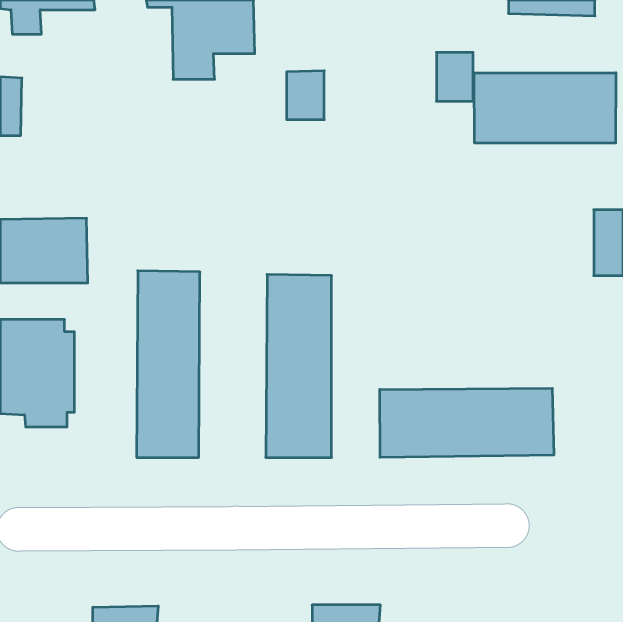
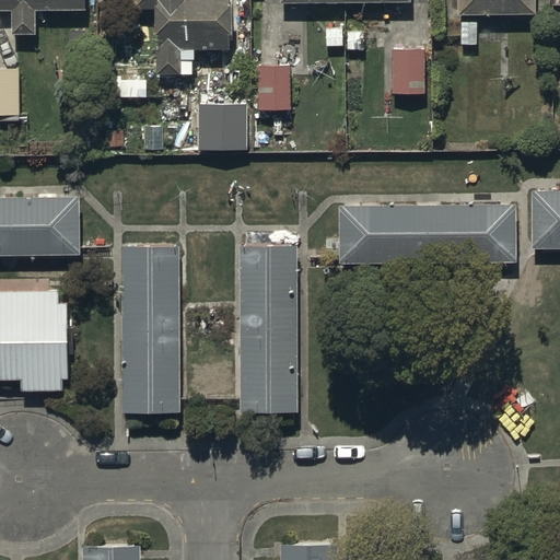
building: [474,73,616,143] -> none
building: none -> [198,102,247,149]
building: none -> [326,205,516,262]
building: [380,388,554,457] -> none

